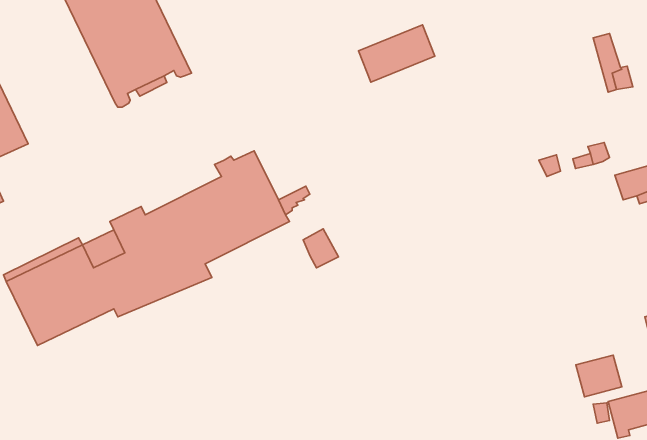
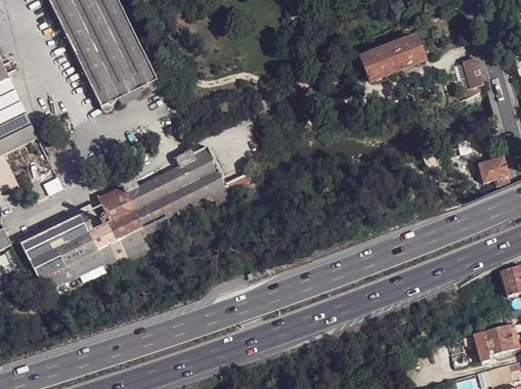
building: [359,25,435,82] -> [359,36,417,79]
building: [303,229,339,268] -> none
building: [576,355,622,397] -> none

